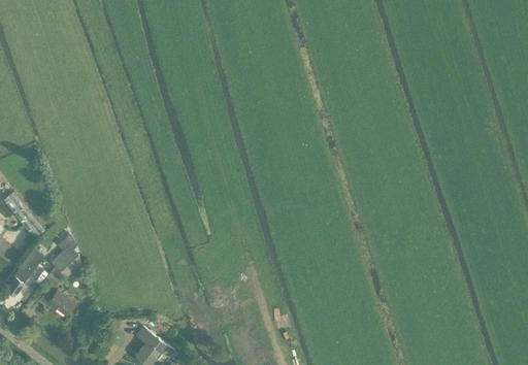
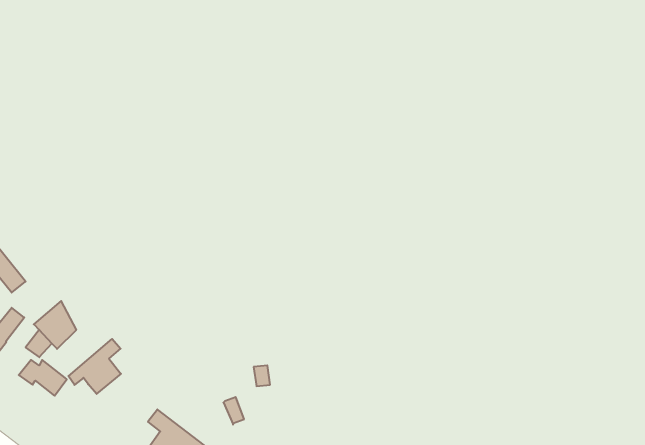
building: none -> [68,339,121,394]

